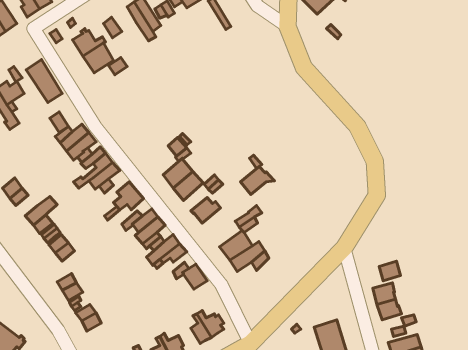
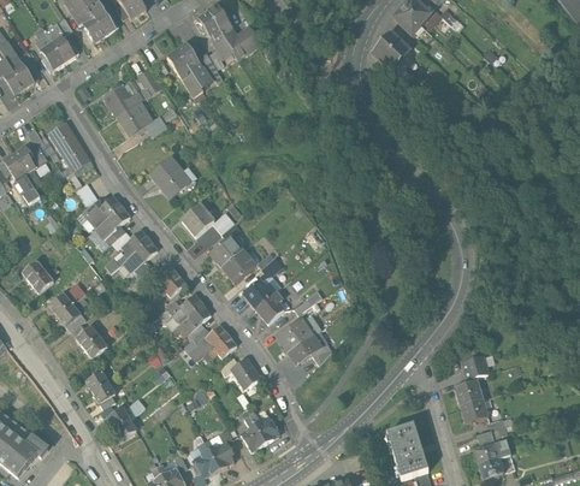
building: none -> [149,155,197,200]
building: none -> [182,205,215,237]
building: [241,167,275,194] -> [255,292,295,325]

